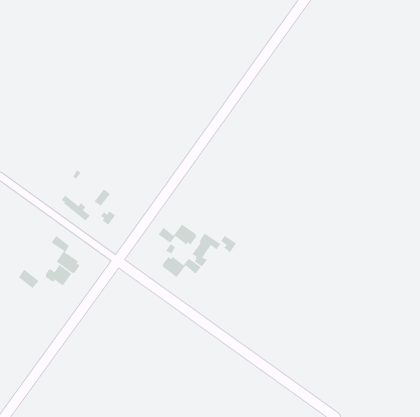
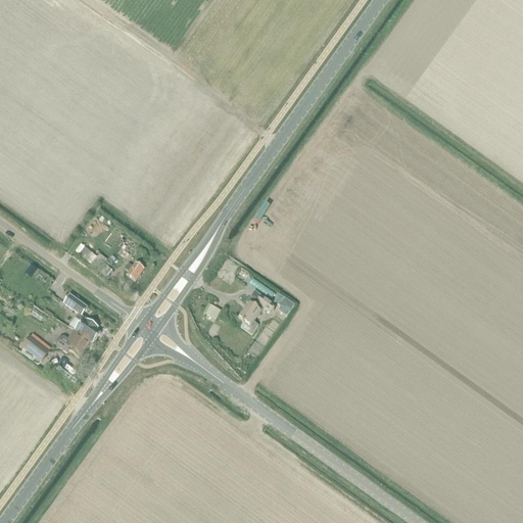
building: [158,224,197,245] -> none
building: [162,256,201,278] -> none

